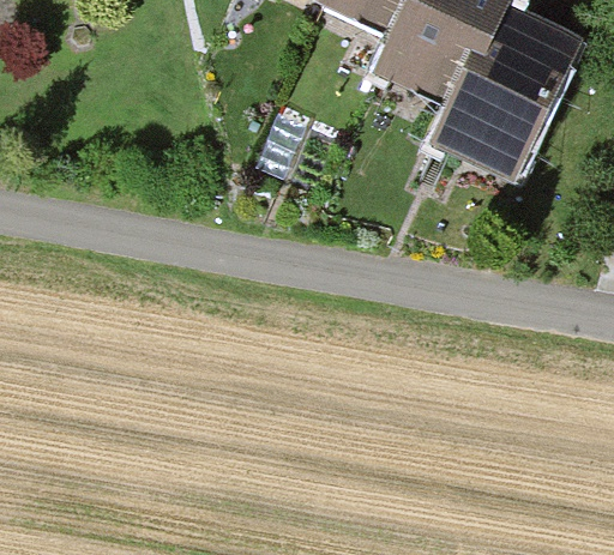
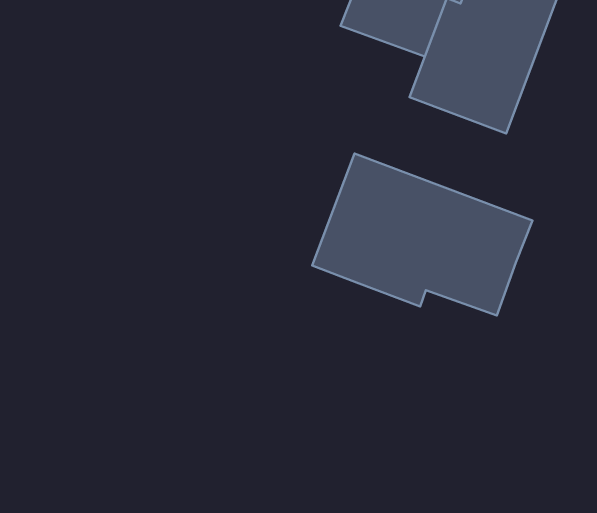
building: none -> [312,153,532,315]

